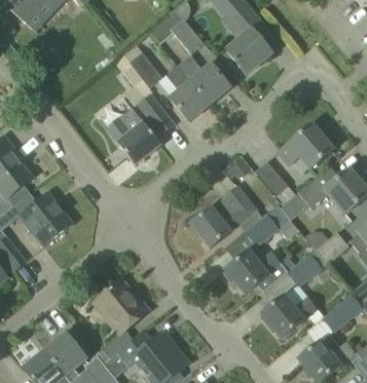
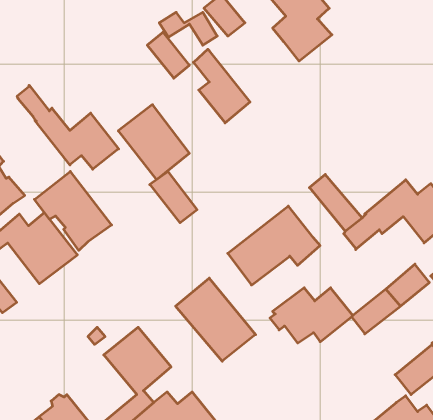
building: [176,54,229,105] -> none
building: none -> [17,85,119,169]
building: [137,93,174,133] -> [150,171,197,223]
building: [278,123,332,169] -> none
building: none -> [34,171,112,250]
building: [245,207,290,246] -> none
building: none -> [176,278,256,361]
building: [261,294,318,338] -> none

